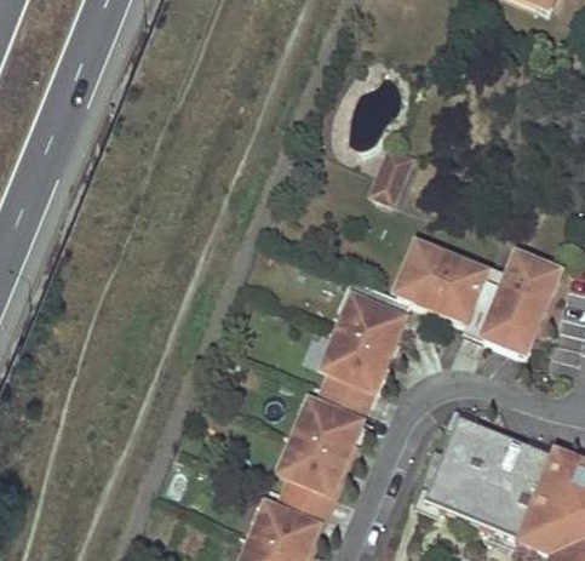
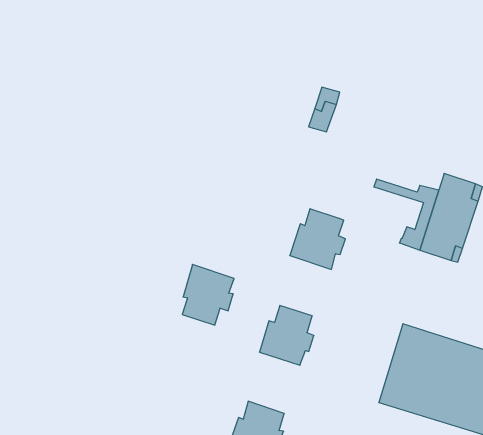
building: [398,245,493,322] -> none
building: [325,331,385,400] -> [182,264,234,325]
building: [281,435,342,505] -> none

